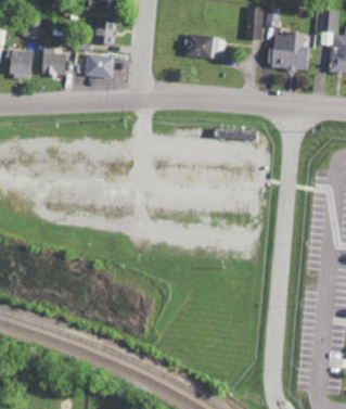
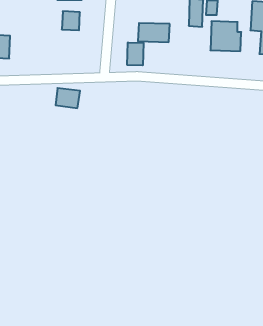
building: [42,47,66,75] -> none
building: [86,54,115,78] -> [56,88,80,108]
building: none -> [127,42,143,65]

